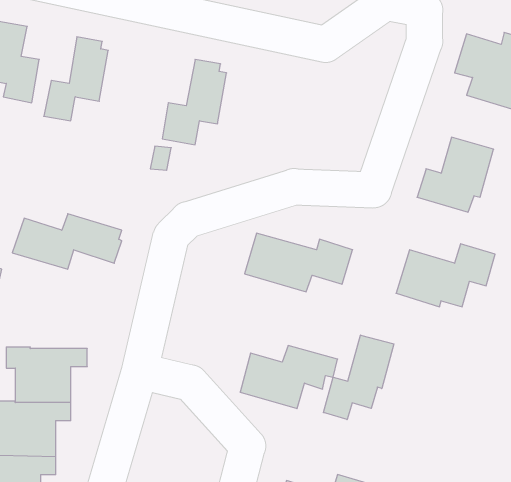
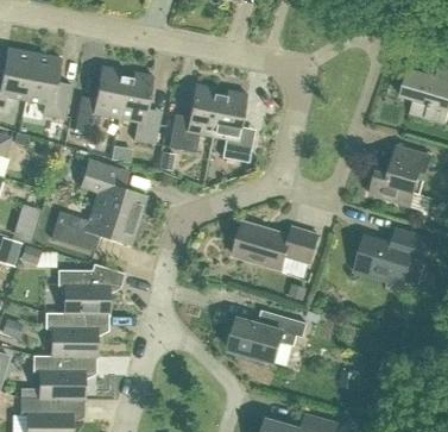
building: none -> [118,71,159,143]
building: none -> [212,89,253,162]
building: none -> [78,158,146,219]
building: none -> [57,263,124,313]
building: [323,335,394,420] -> none

